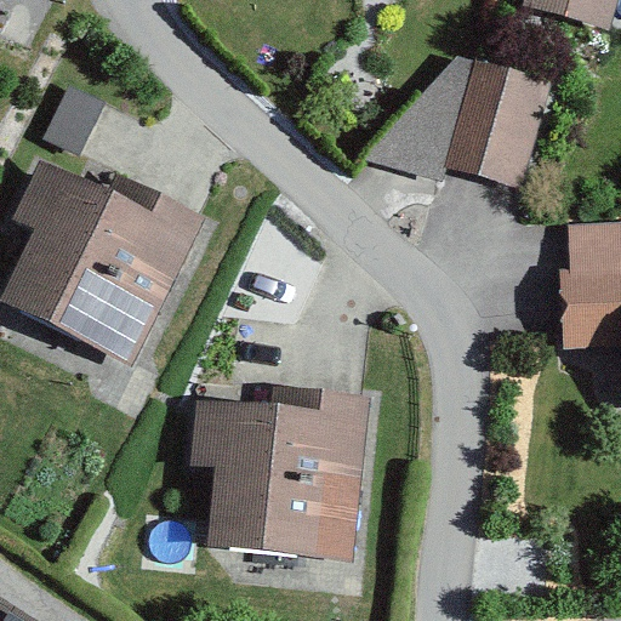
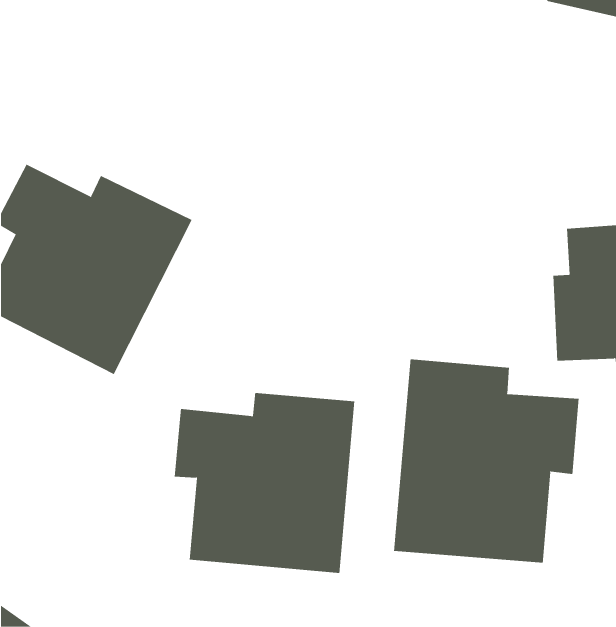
building: [370,56,552,184] -> none
building: none -> [393,358,579,564]

